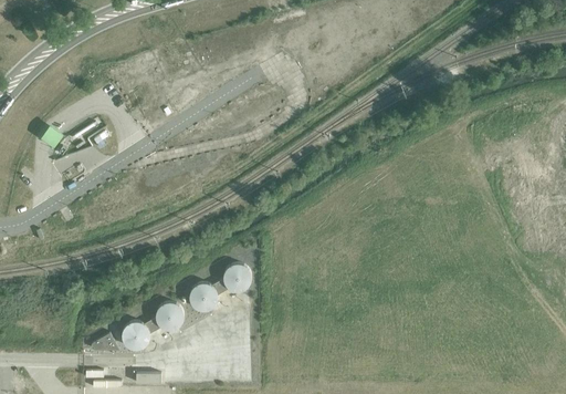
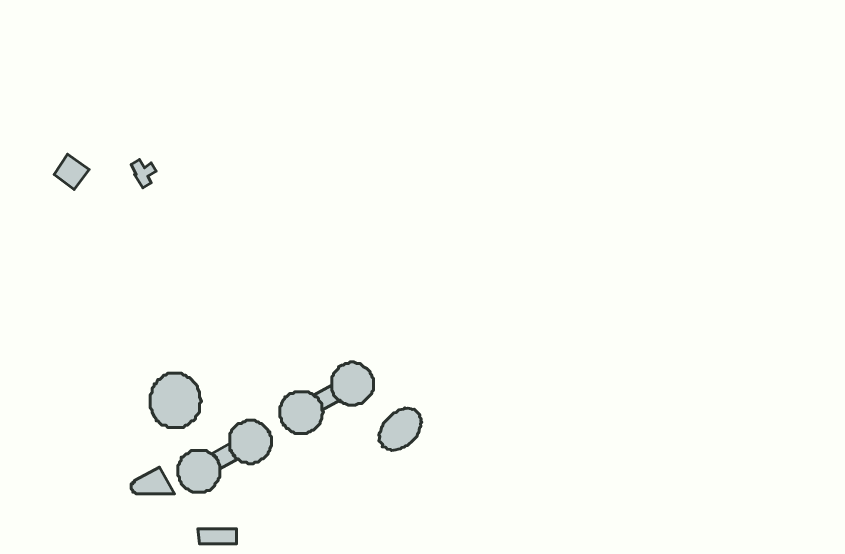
building: none -> [150,373,201,427]
building: none -> [379,408,422,451]

